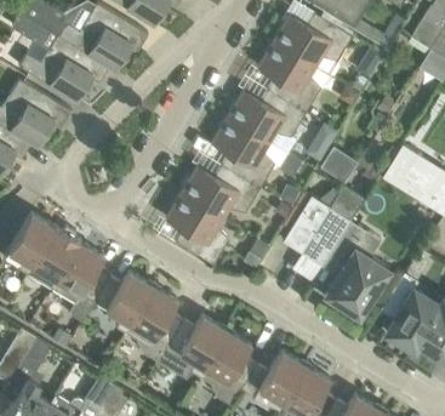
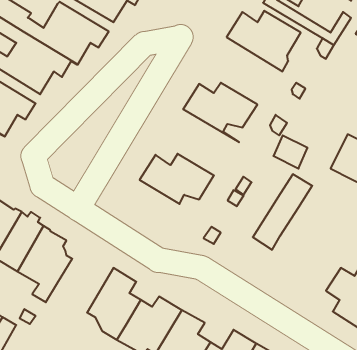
building: [257,41,332,113] -> none
building: [211,118,286,188] -> none
building: [165,193,228,264] -> none
building: [281,196,330,253] -> none
building: [324,222,388,317] -> none
building: [93,272,153,334] -> none

